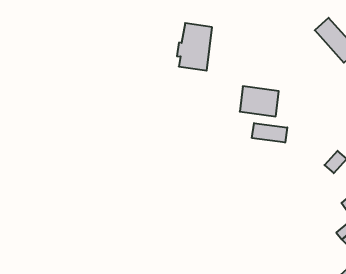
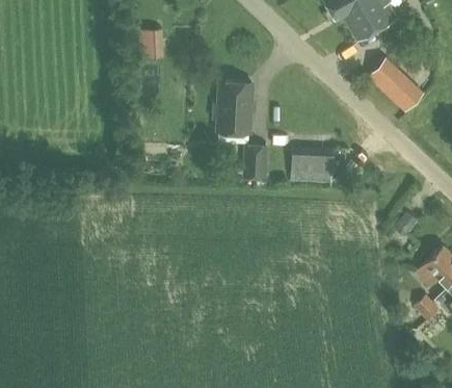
building: none -> [241,145,268,181]
building: [252,123,287,143] -> none

